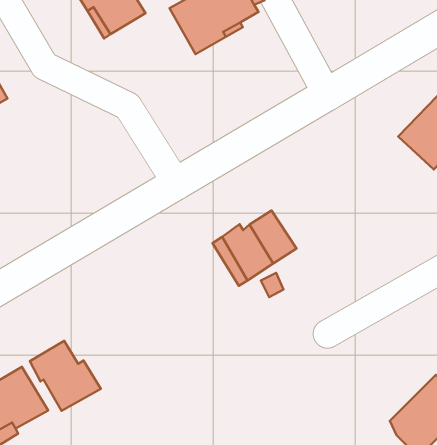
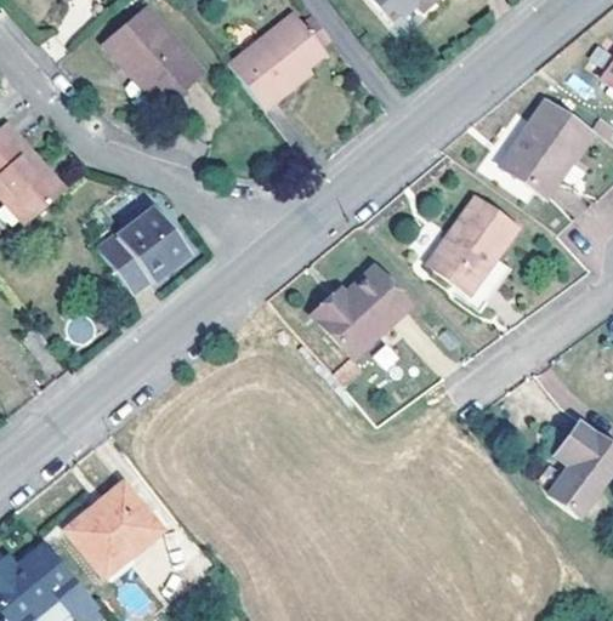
building: none -> [103,206,189,289]
building: none -> [426,196,516,309]
building: [30,341,101,411] -> none

